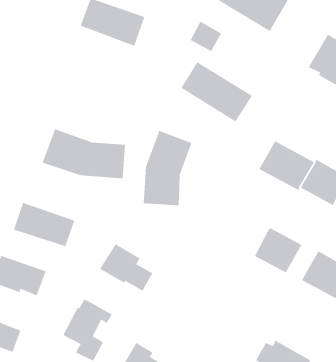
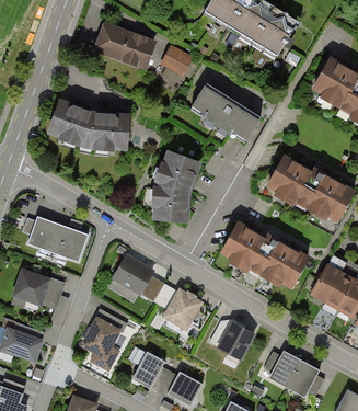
building: [190,21,222,52] -> [163,45,194,75]
building: [42,128,126,179] -> [50,100,130,148]
building: none -> [222,224,275,272]
building: none -> [155,286,201,330]
building: none -> [218,322,255,359]

